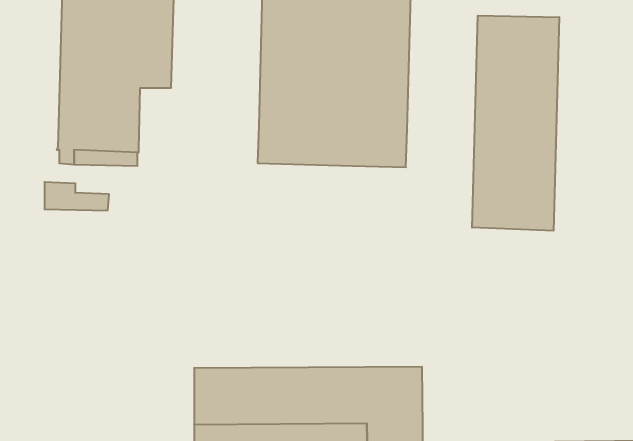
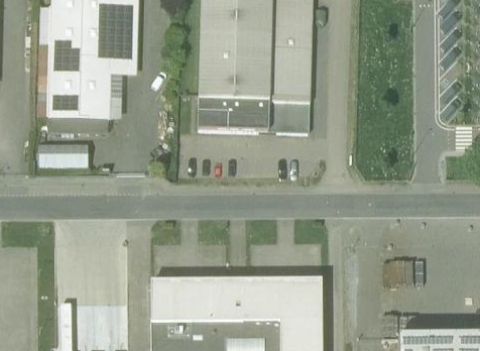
building: [472,16,559,231] -> none

